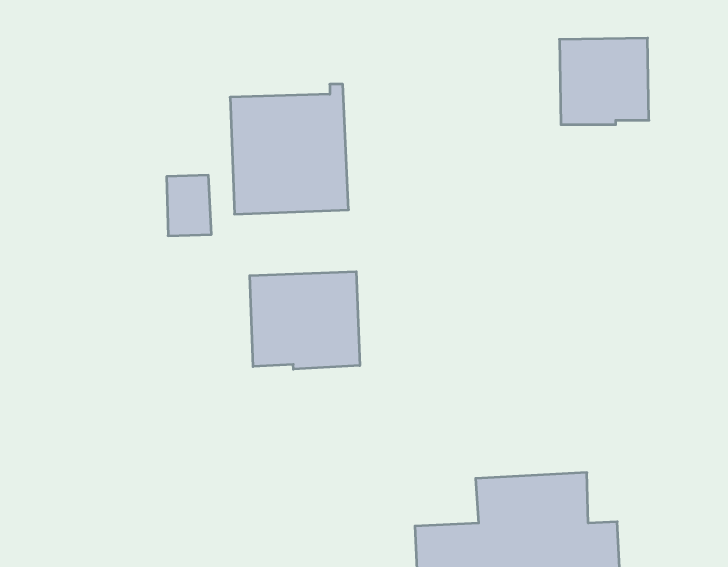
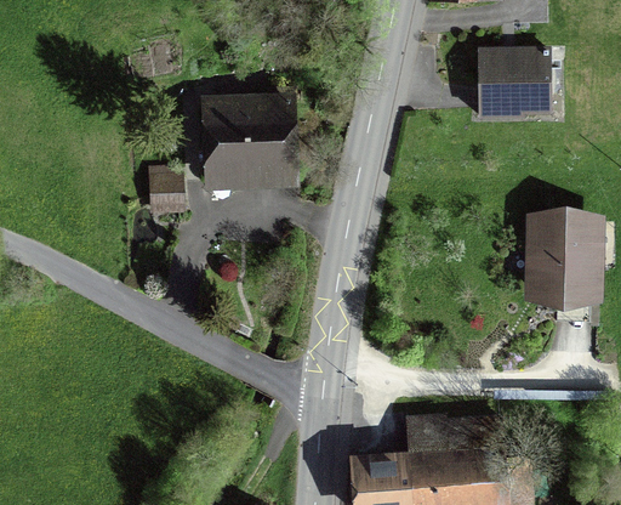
building: none -> [524,198,604,302]
building: [250,272,360,369] -> none

